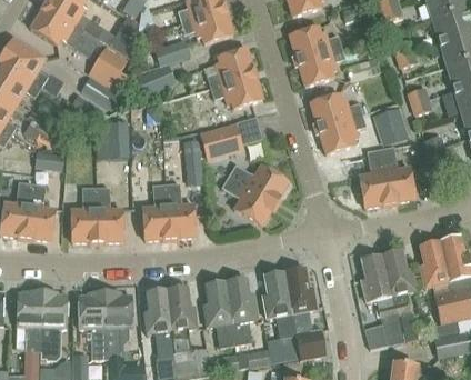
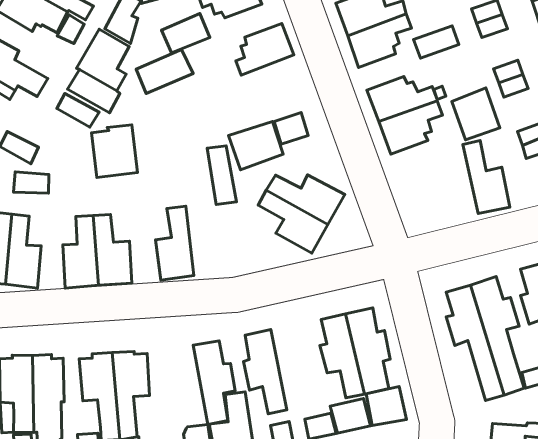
building: [213,73,262,108] -> none
building: [358,149,389,207] -> none
building: [166,183,194,238] -> none
building: [226,280,257,344] -> none
building: [143,291,173,353] -> none

